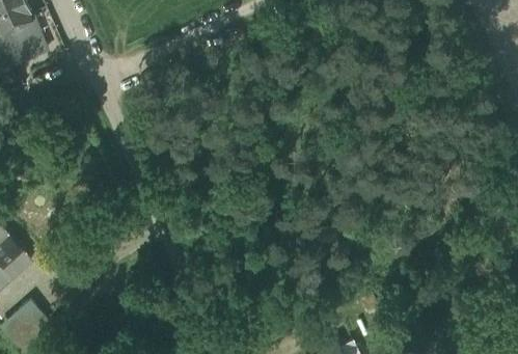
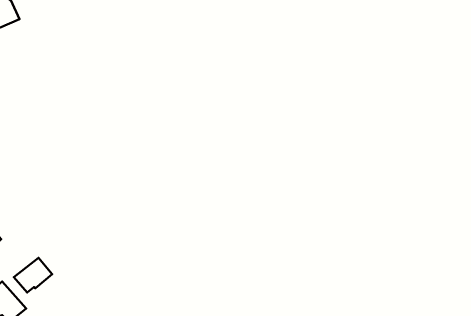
building: none -> [14,258,52,292]

